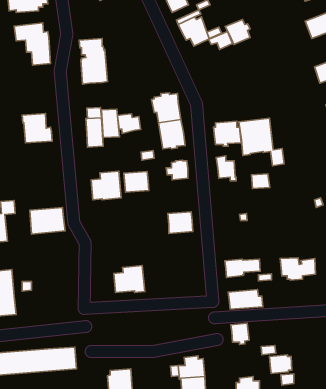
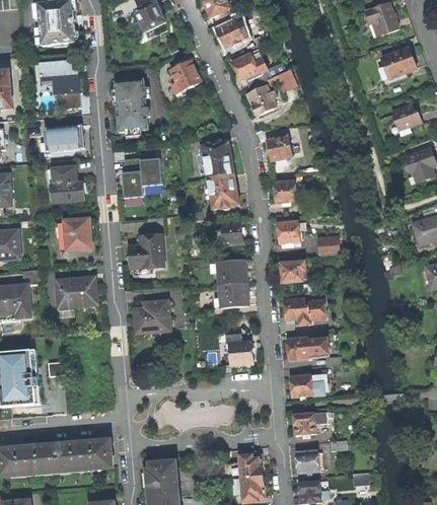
building: [225,19,250,44] -> [246,86,276,116]
building: none -> [170,59,202,93]
building: none -> [43,124,84,154]
building: none -> [267,136,292,160]
building: [118,114,141,133] -> none
building: [239,118,284,166] -> none
building: none -> [56,218,91,254]
building: [124,172,149,192] -> [217,260,246,284]
building: none -> [280,262,305,282]
building: none -> [225,334,253,365]
building: [280,258,316,280] -> [283,298,324,324]
building: [114,266,145,292] -> [134,300,170,332]
building: [269,355,292,374] -> [296,450,322,473]

